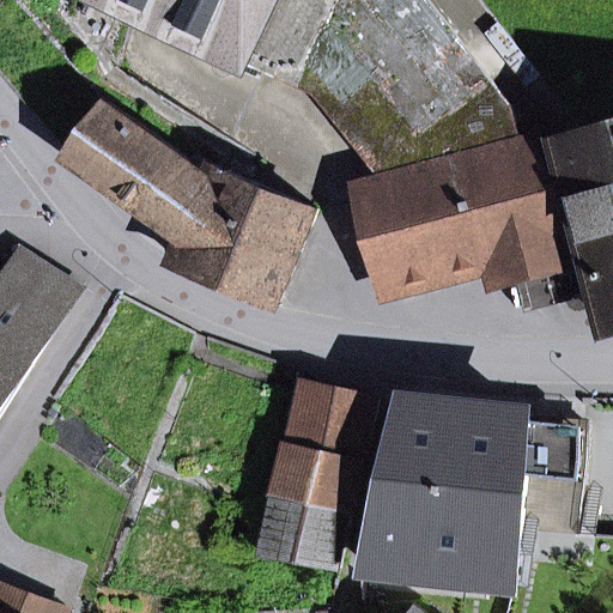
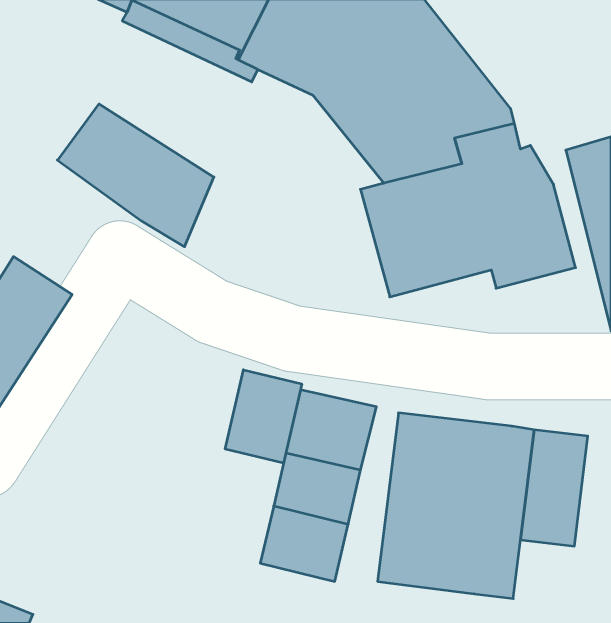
building: [171,169,306,305] -> none
building: none -> [225,370,302,463]

